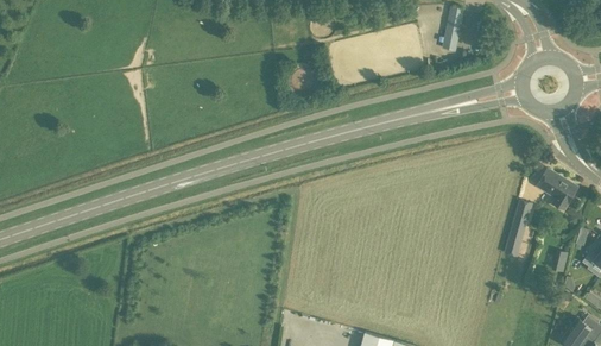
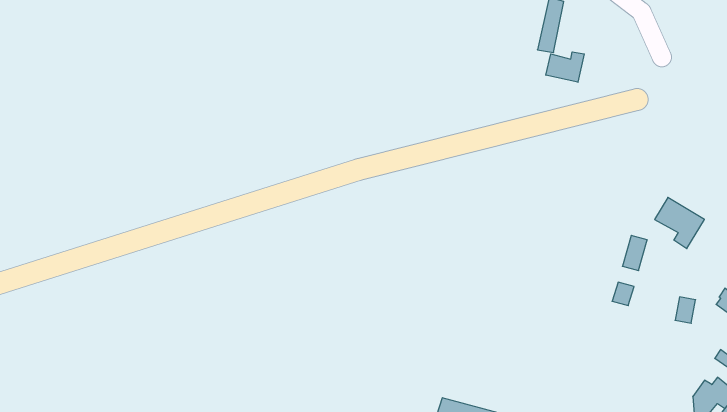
building: none -> [546,52,584,82]

